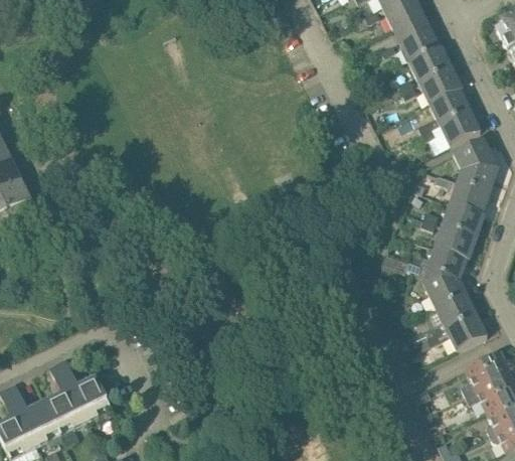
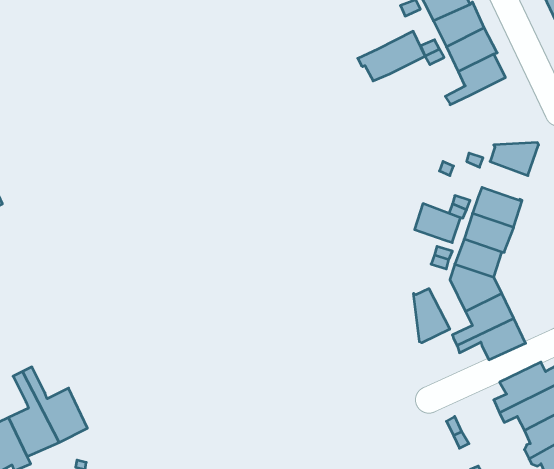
building: [421,110,479,152] -> [358,31,425,81]
building: [452,138,496,167] -> none
building: [449,181,488,214] -> [415,204,461,243]
building: none -> [414,289,450,343]

